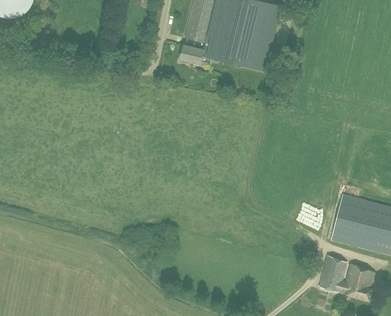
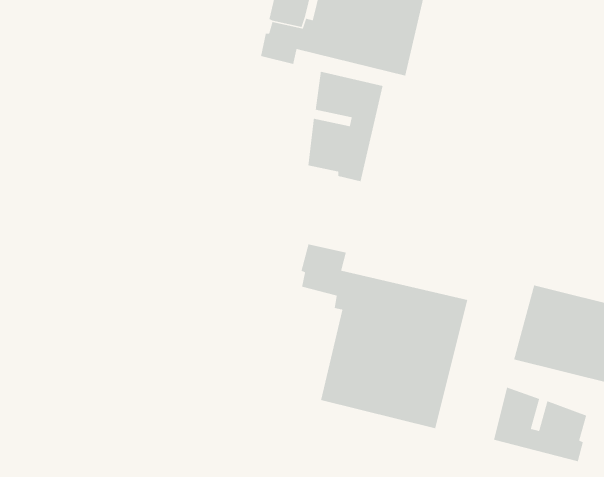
building: none -> [308,71,384,182]
building: none -> [301,243,468,429]

